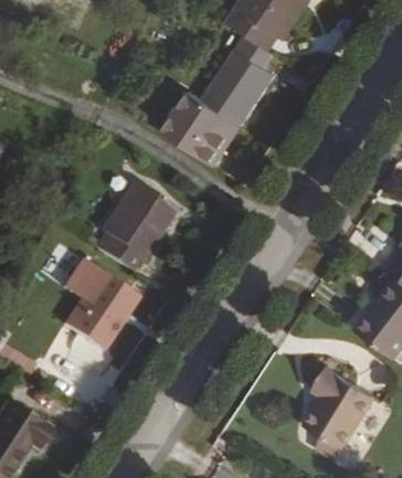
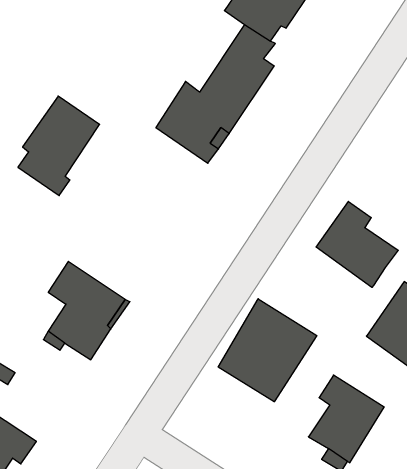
building: [97,183,173,276] -> [18,96,100,196]
building: none -> [316,201,398,287]
building: none -> [218,299,317,402]

